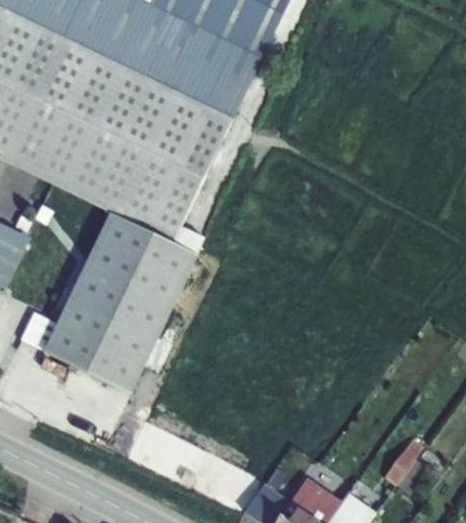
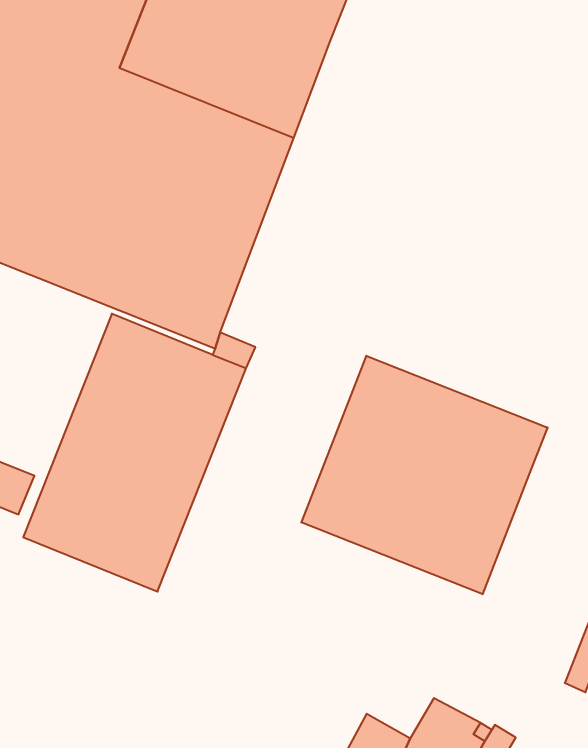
building: none -> [301,356,548,594]

